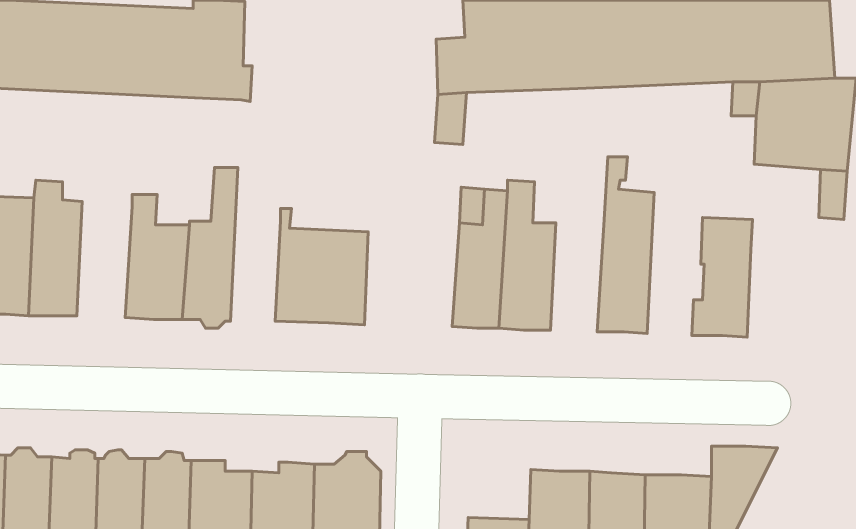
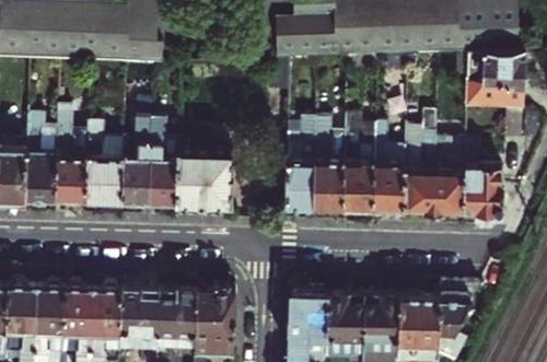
building: none -> [144,103,175,208]
building: none -> [50,108,84,199]
building: none -> [399,109,435,210]
building: none -> [340,114,373,208]
building: none -> [461,157,499,225]
building: none -> [290,283,328,323]

